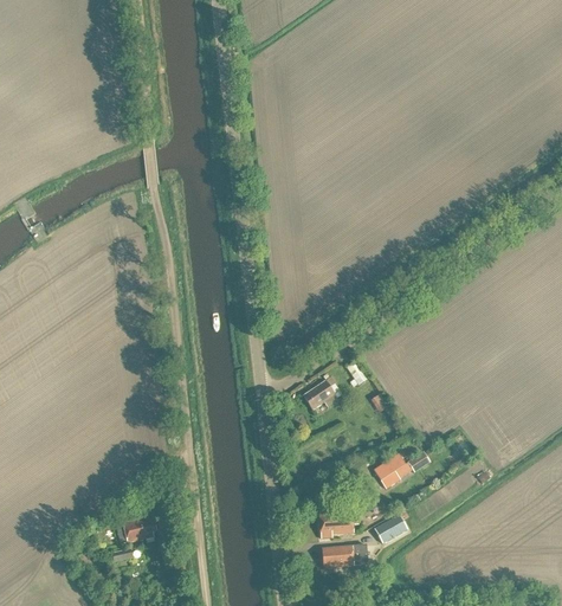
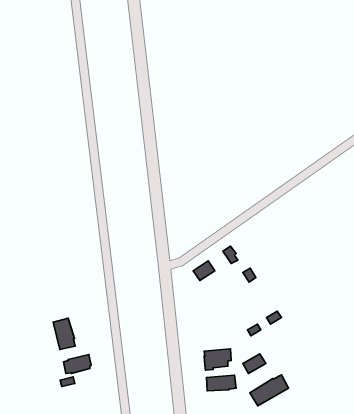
building: none -> [53,318,75,349]
building: none -> [250,375,288,406]

